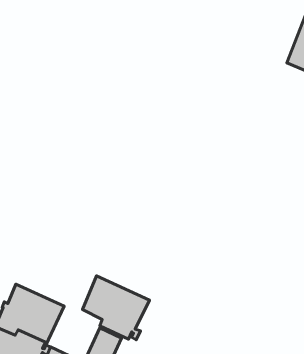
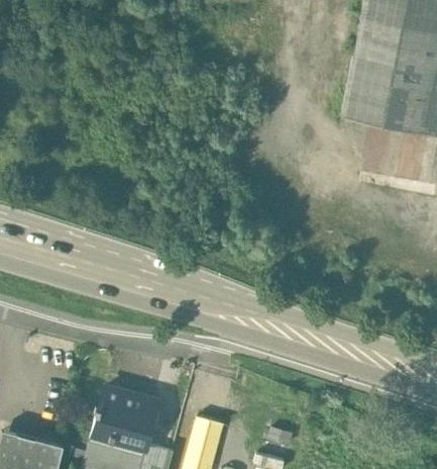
building: [82,276,150,340] -> none

